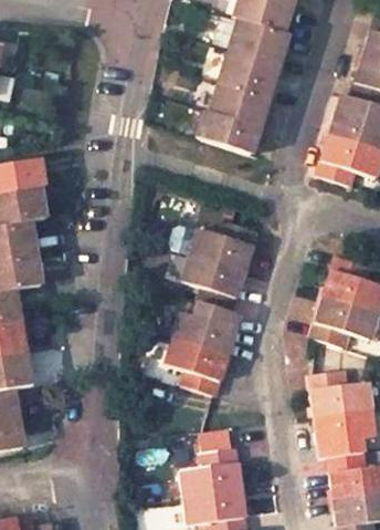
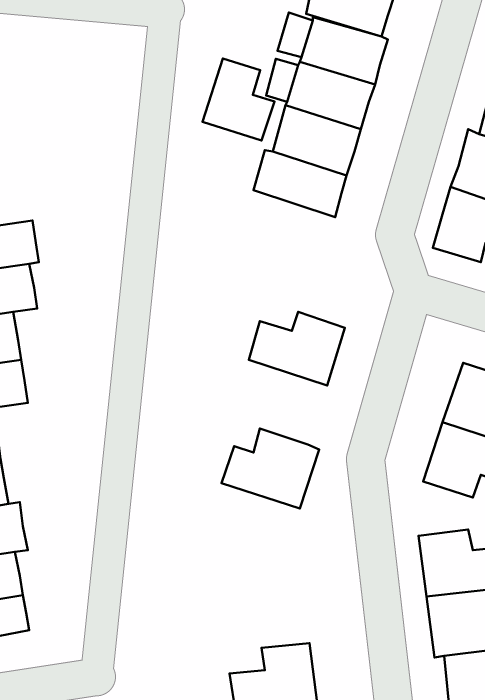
building: none -> [203,58,275,140]
building: [182,254,245,313] -> none
building: [163,340,226,397] -> none

